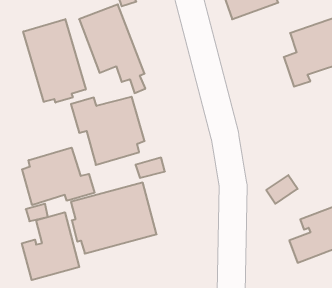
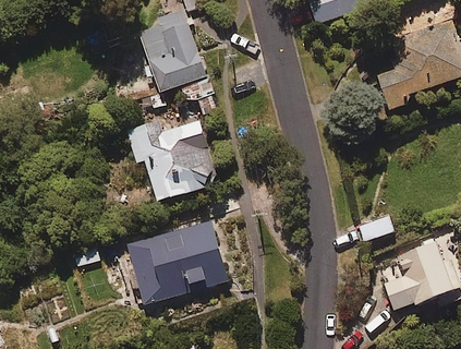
building: [23,19,86,103] -> none
building: [22,148,95,205] -> none
building: [22,212,79,280] -> none

